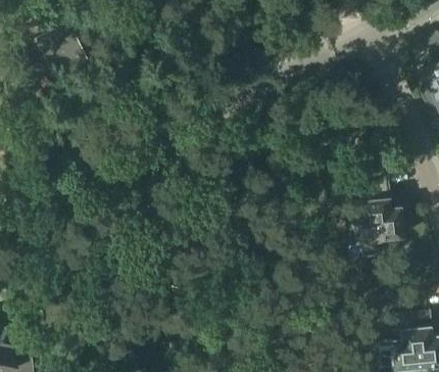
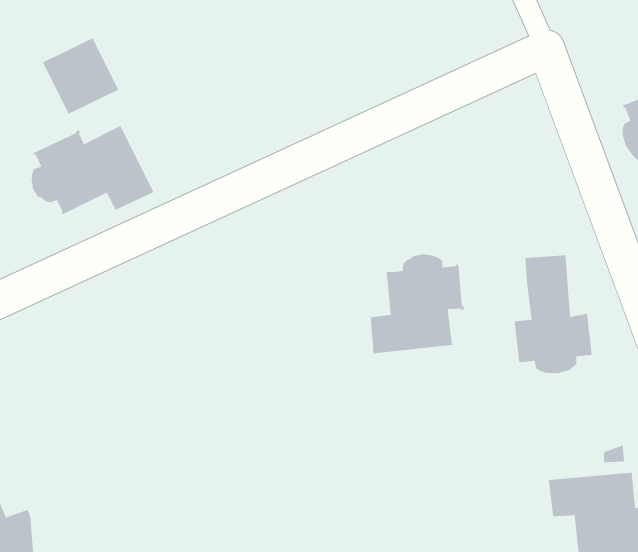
building: none -> [31,125,154,215]
building: none -> [370,253,464,354]

